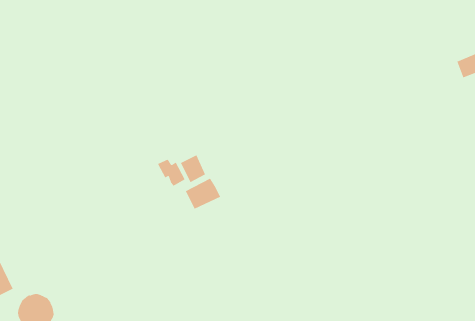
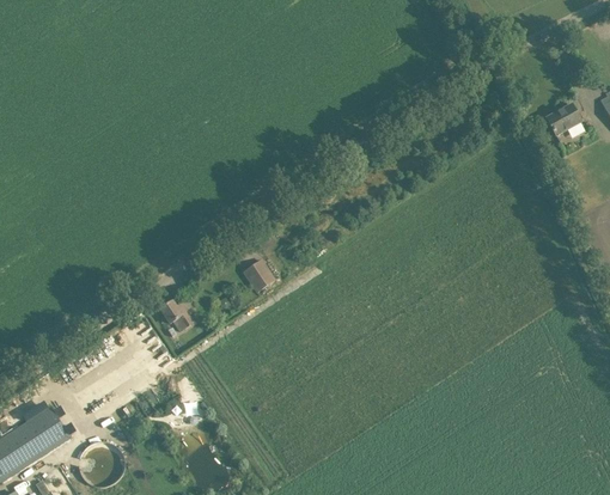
building: [157,159,186,187] -> [159,301,194,332]
building: [185,178,221,209] -> none

